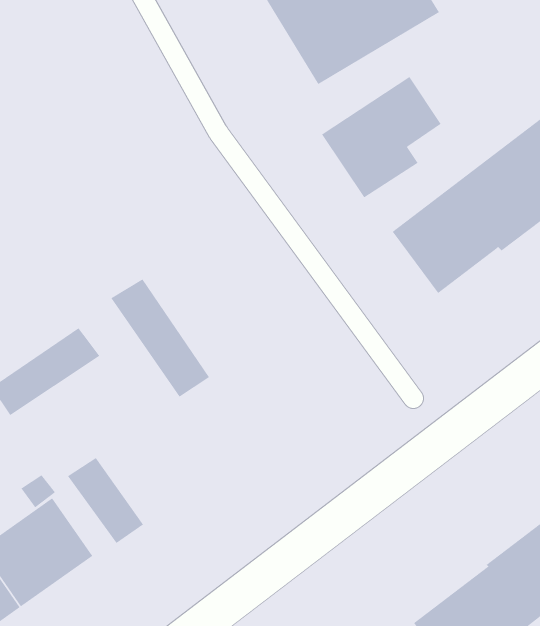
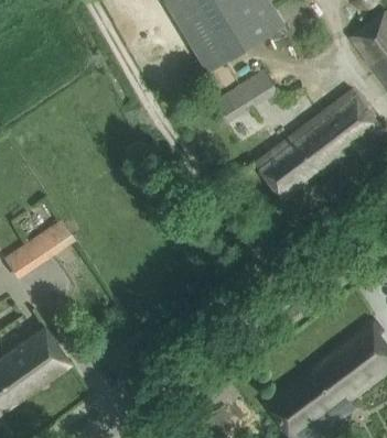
building: [111,278,210,398] -> none
building: [67,457,144,544] -> none

